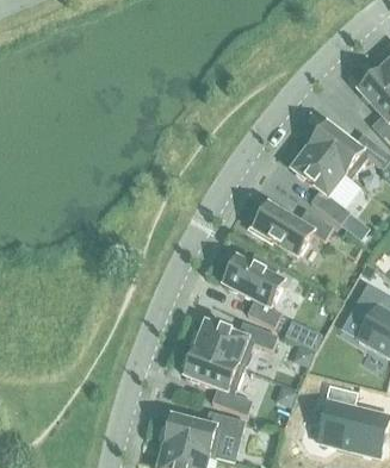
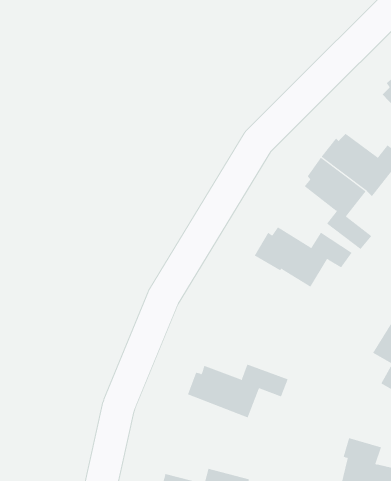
building: [223,254,283,325] -> none
building: [184,347,252,413] -> none

